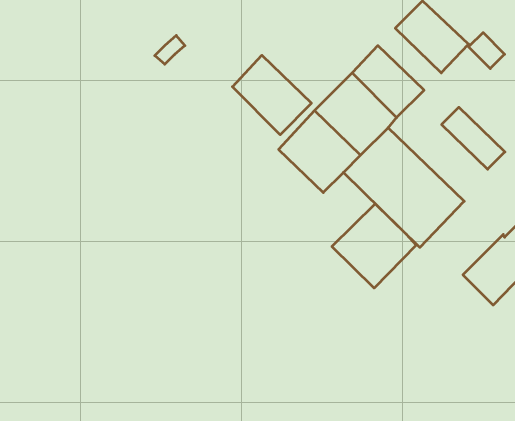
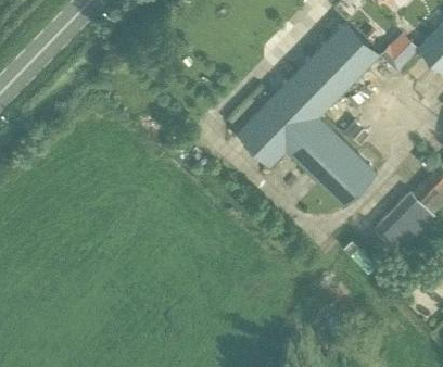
building: [232,55,311,135] -> none
building: [442,107,505,169] -> [312,43,359,90]
building: [332,204,416,288] -> none

